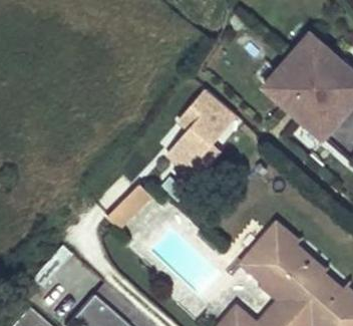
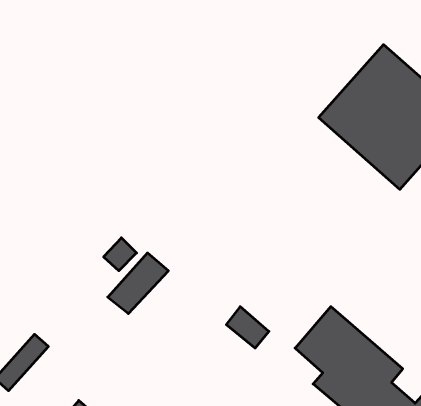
building: [170,88,241,176] -> none

